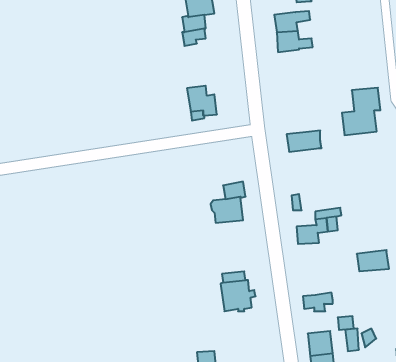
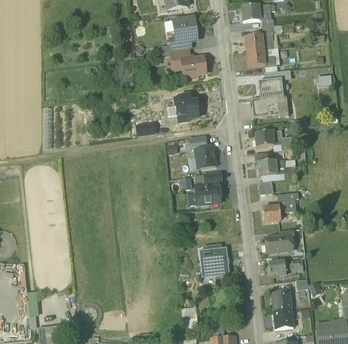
building: none -> [182,54,206,77]
building: [342,88,380,135] -> [252,78,283,116]
building: none -> [195,145,216,168]
building: none -> [258,158,286,175]
building: [357,250,389,271] -> [265,234,291,251]

